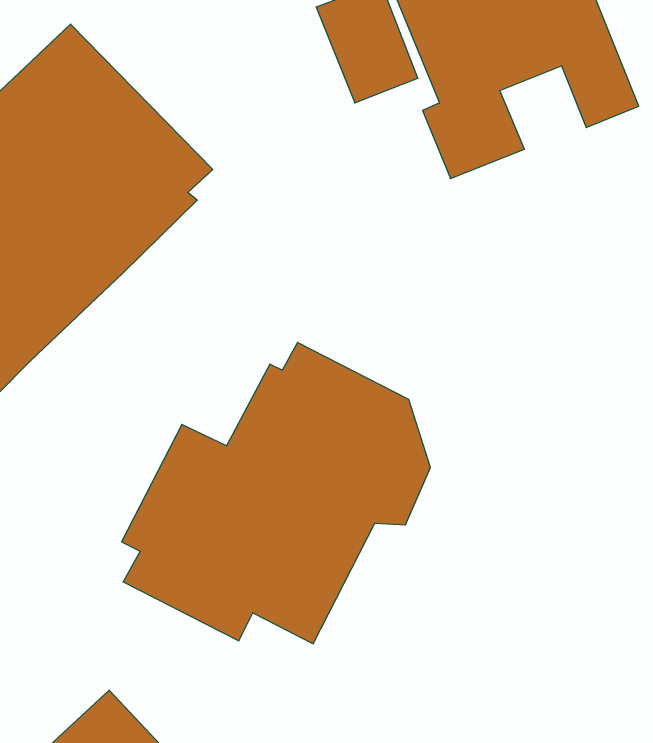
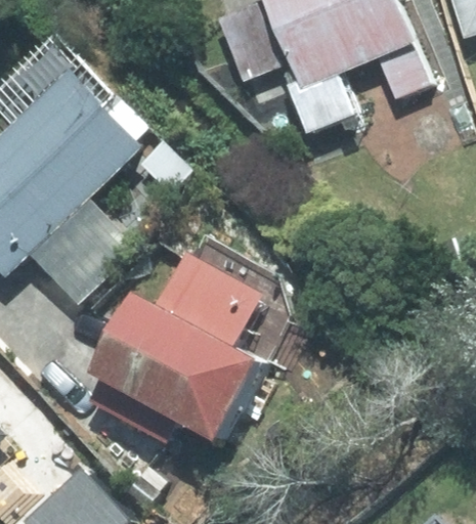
building: none -> [27,194,135,301]

